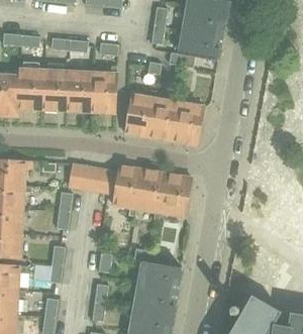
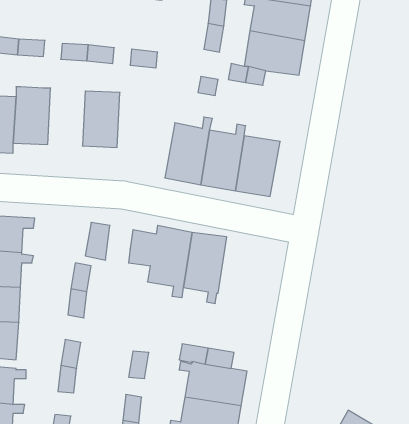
building: [90,66,117,113] -> none
building: [41,70,68,110] -> none
building: [161,174,192,217] -> none

